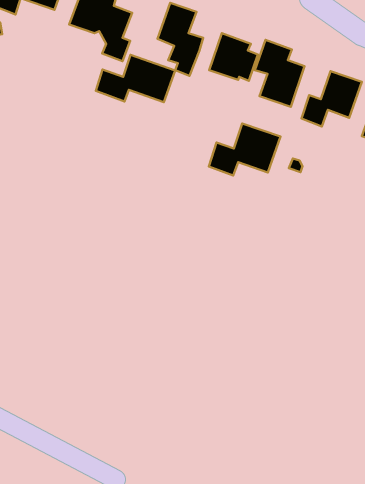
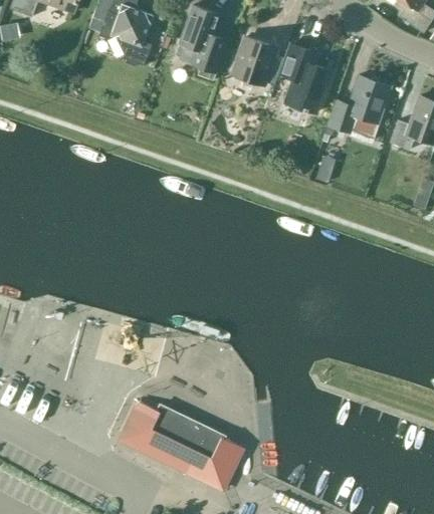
building: [96,55,175,102] -> none
building: [209,124,281,176] -> none
building: none -> [122,400,242,489]

